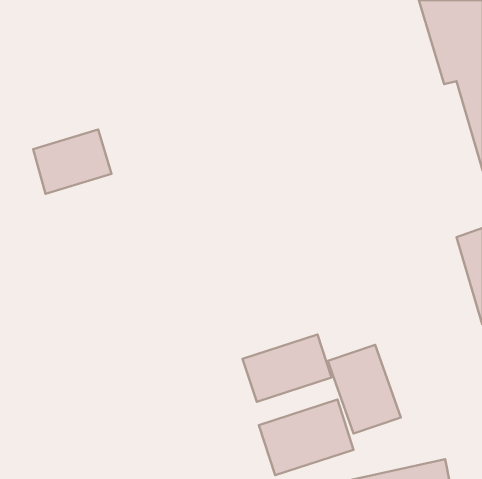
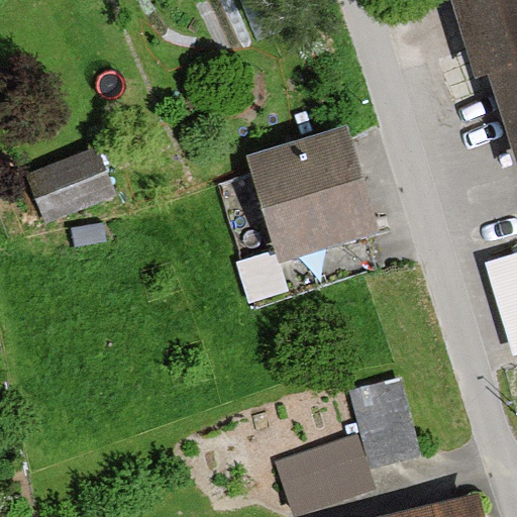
building: none -> [247,140,380,277]
building: [242,334,332,402] -> none

